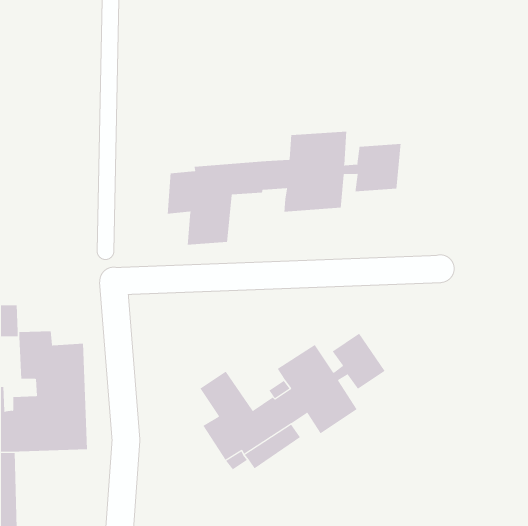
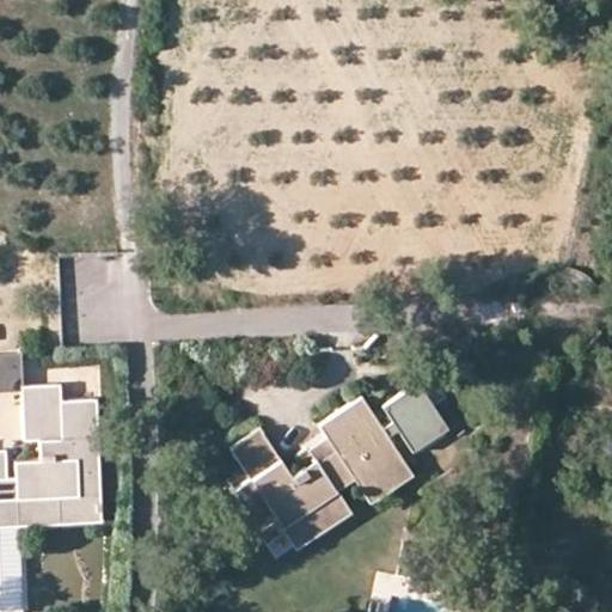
building: [167,131,401,246] -> none

